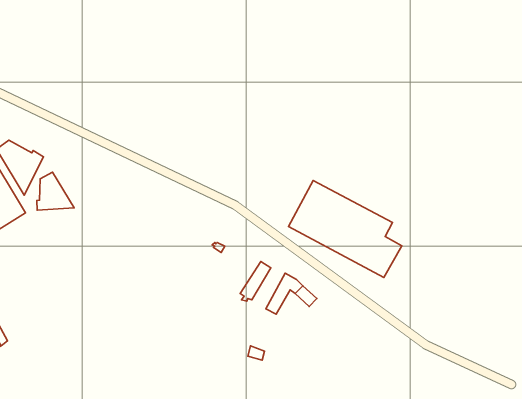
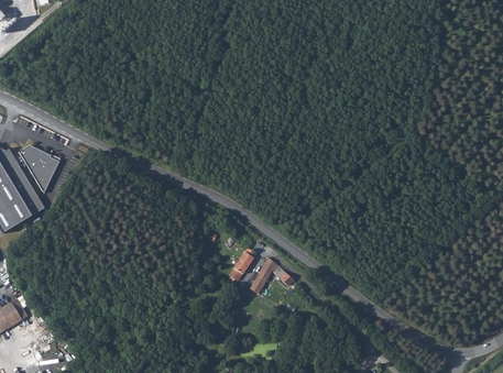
building: [37,172,74,210] -> none
building: [288,180,402,278] -> none

